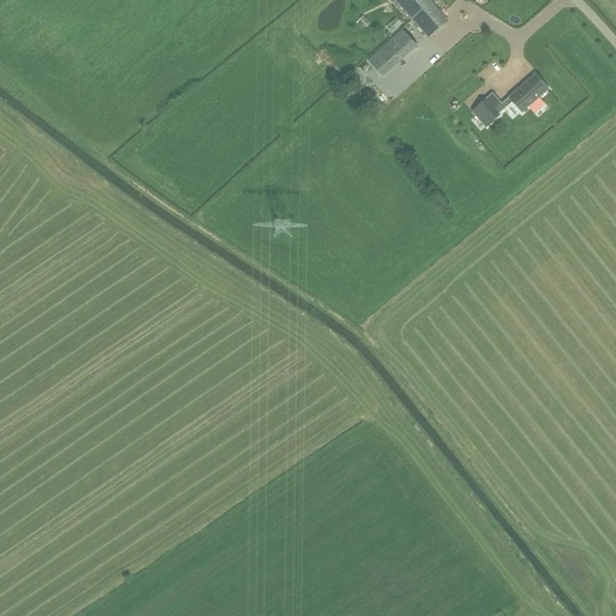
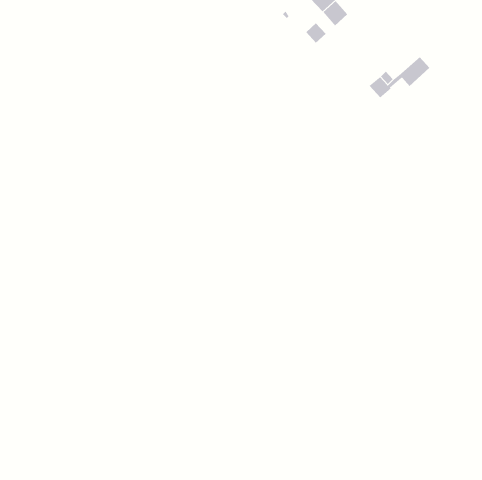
building: [368,41,403,75] -> none

